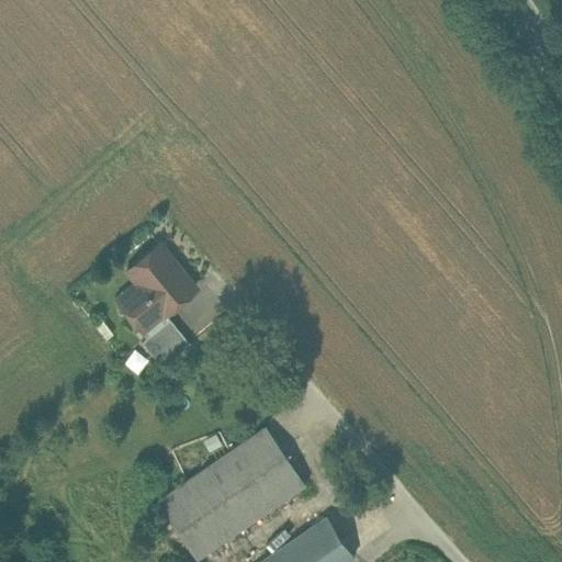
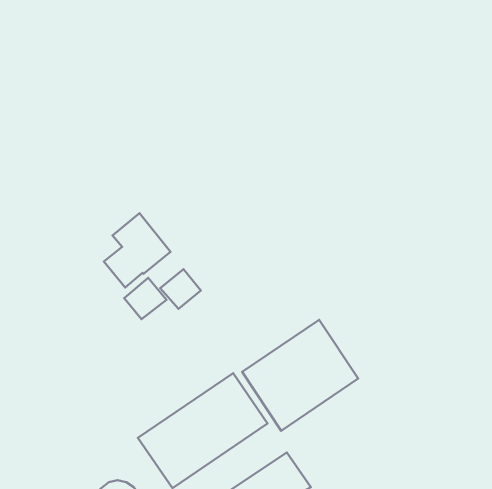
building: none -> [160,269,201,309]
building: none -> [242,320,358,431]

